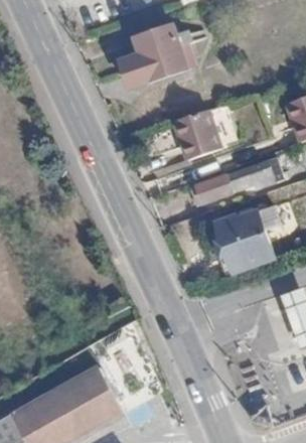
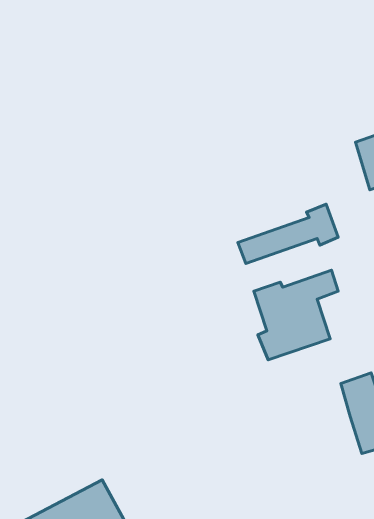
building: [121,27,188,90] -> none
building: [172,110,223,159] -> none

